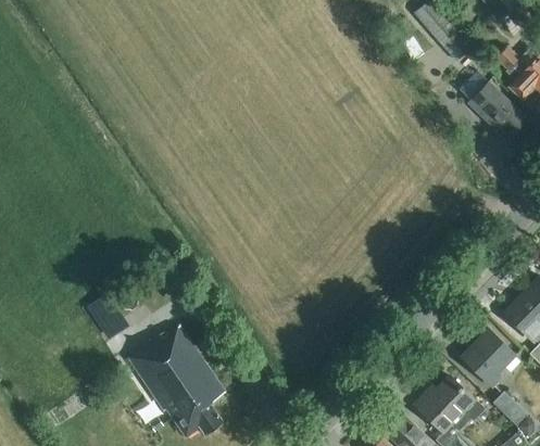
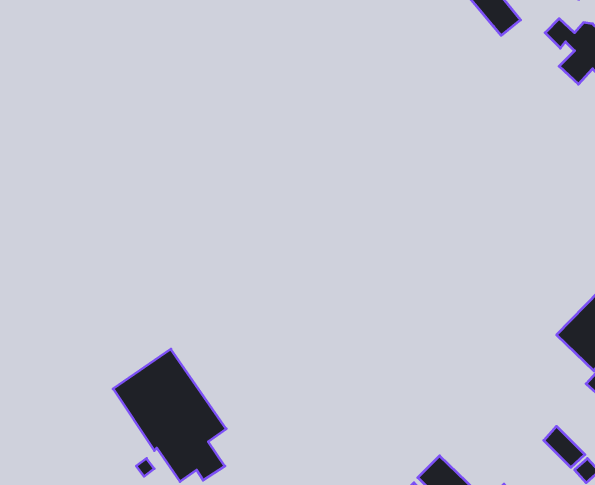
building: [459,71,526,136] -> none
building: [461,329,514,386] -> none
building: [414,375,480,434] -> none

